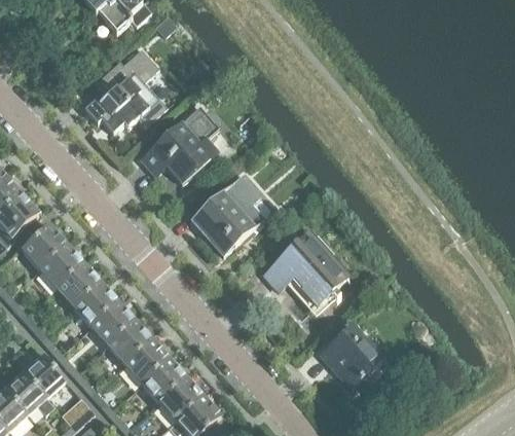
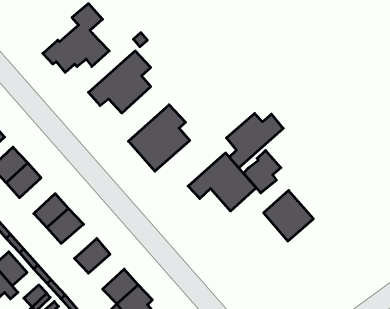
building: none -> [226,113,283,168]
building: none -> [243,150,281,193]
building: [56,264,100,308] -> none
building: [107,322,151,364] -> none
building: [322,325,383,388] -> [264,190,313,241]
building: [141,359,185,402] -> none

